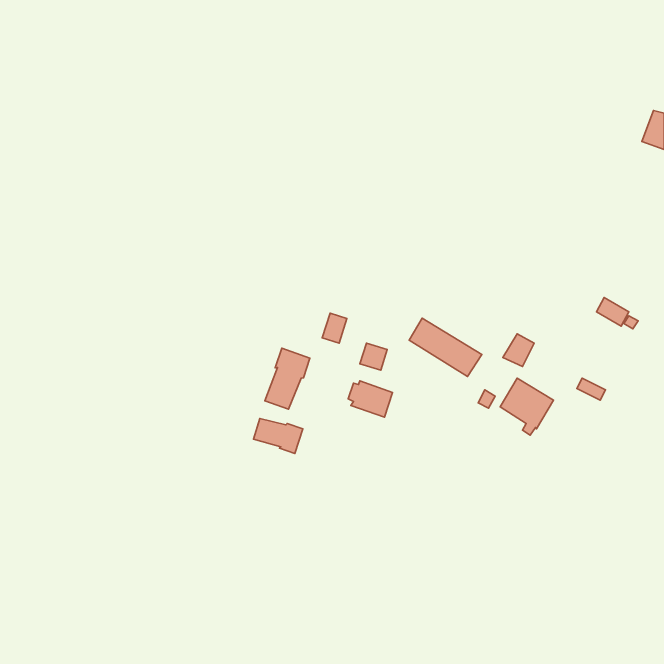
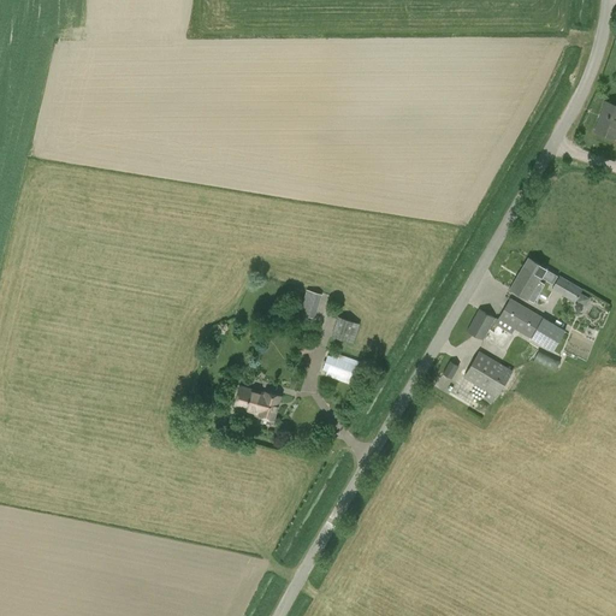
building: none -> [510,259,545,298]
building: [409,318,482,376] -> [498,297,565,351]
building: [265,348,310,409] -> none

